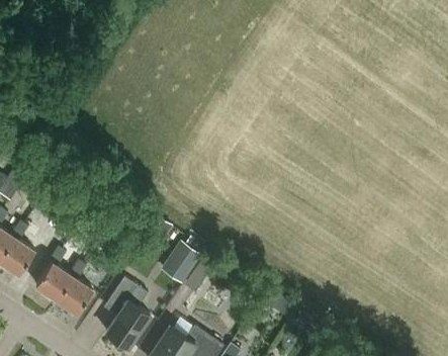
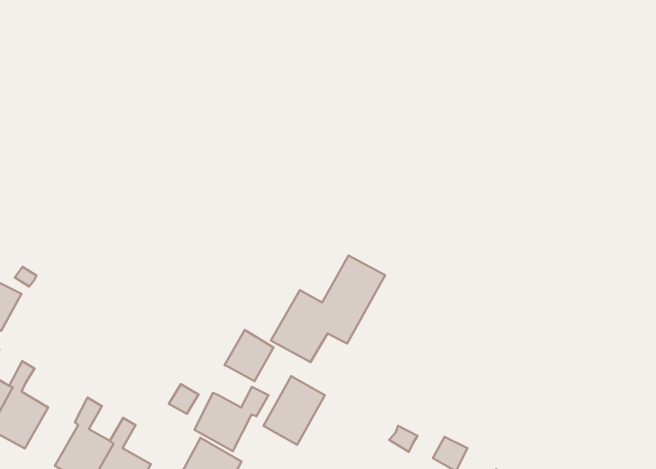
building: none -> [271,256,385,362]
building: none -> [194,387,268,451]

